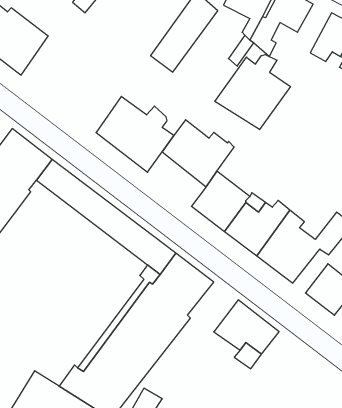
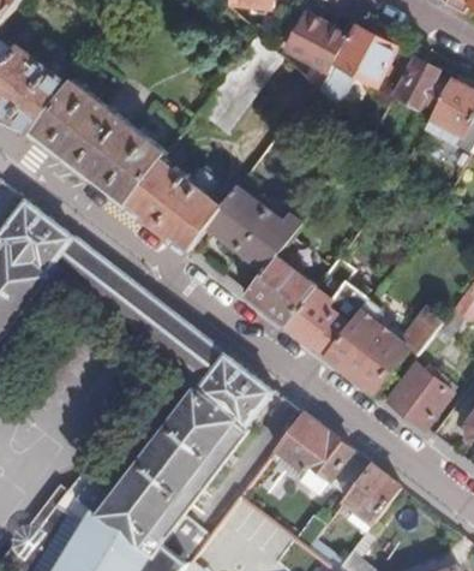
building: none -> [34,81,163,204]
building: [215,55,290,130] -> none
building: none -> [342,464,397,521]

